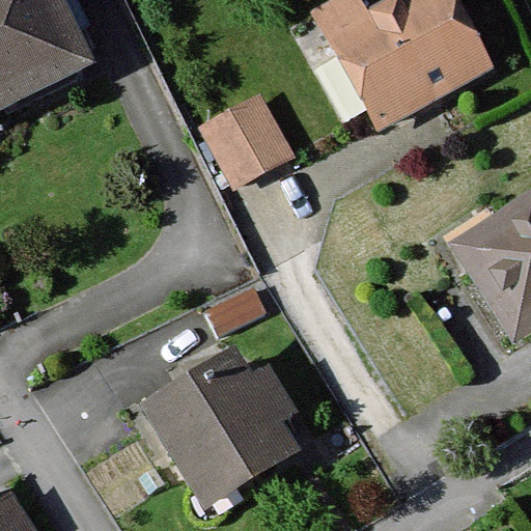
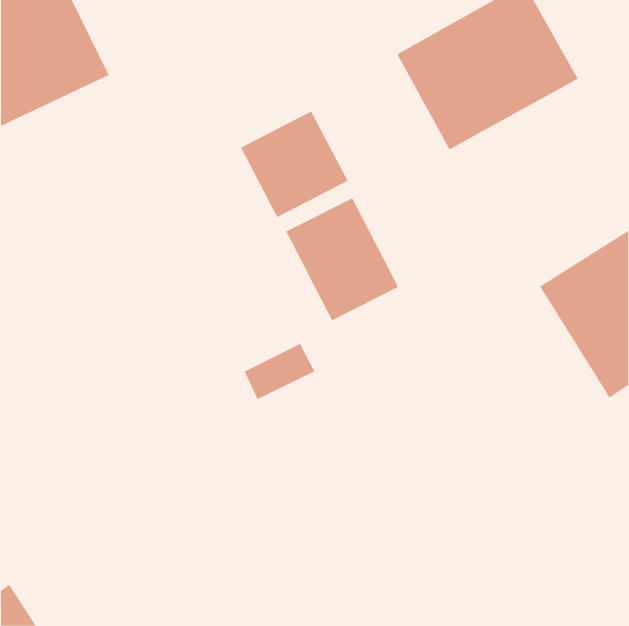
building: none -> [285,197,399,321]
building: [140,348,297,508] -> none

